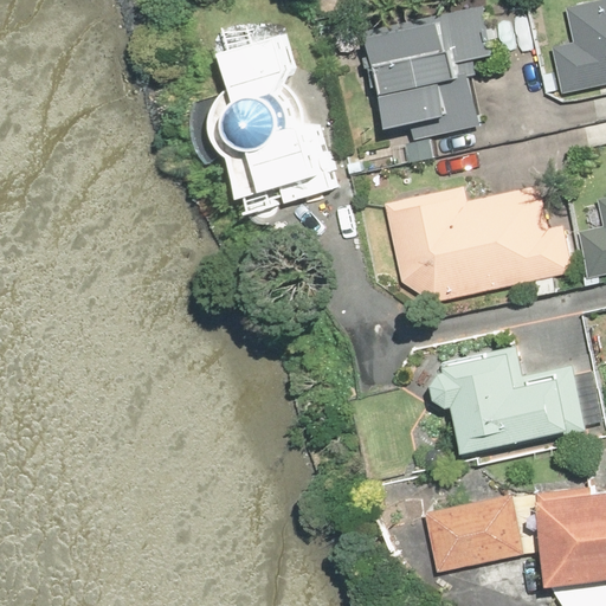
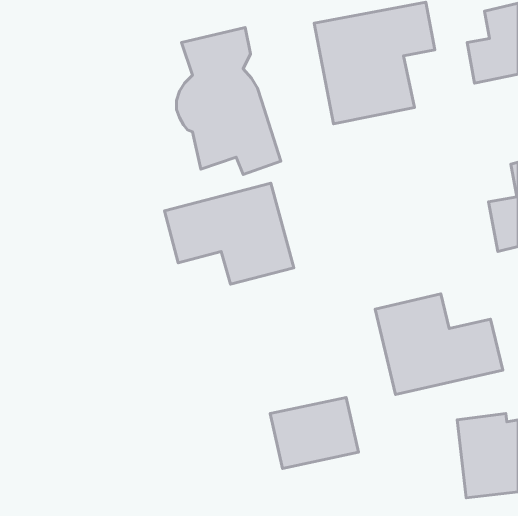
building: [382,182,575,301] -> none
building: none -> [164,183,294,284]
building: [427,492,530,575] -> [270,397,358,468]

